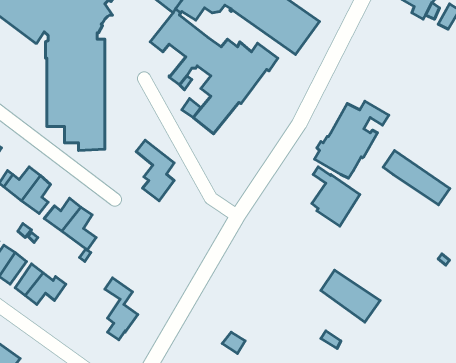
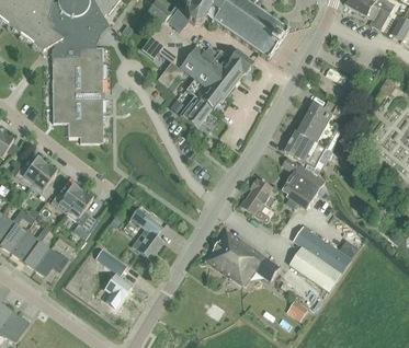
building: [136,140,174,201] -> [130,207,163,259]
building: [383,151,450,205] -> [293,225,351,272]
building: none -> [240,177,276,220]
building: none -> [205,229,280,285]

